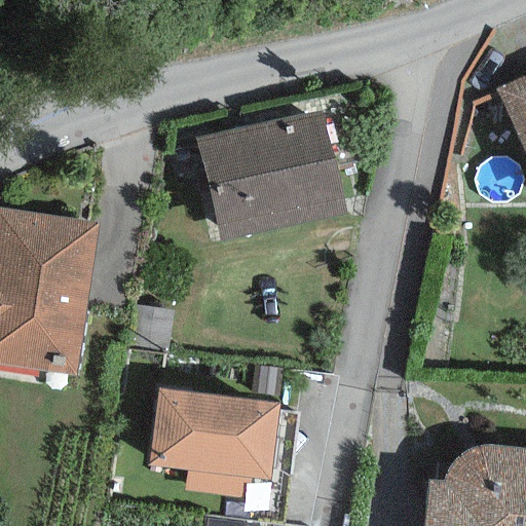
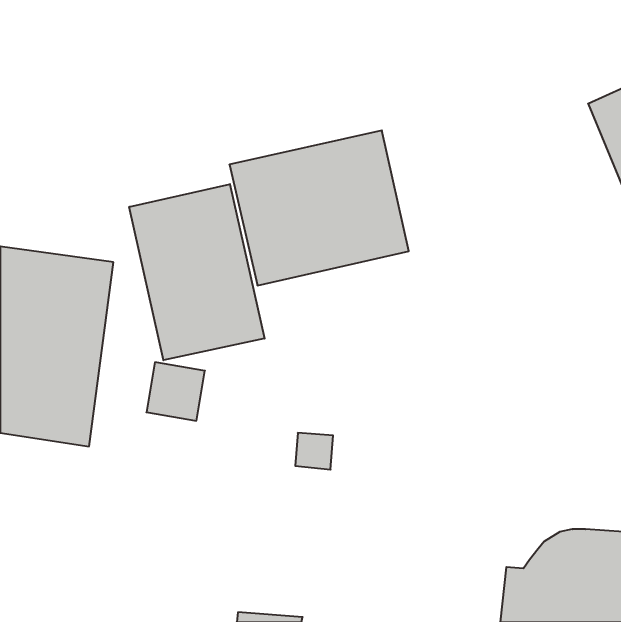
building: none -> [129,184,265,360]
building: [148,389,278,496] -> none

